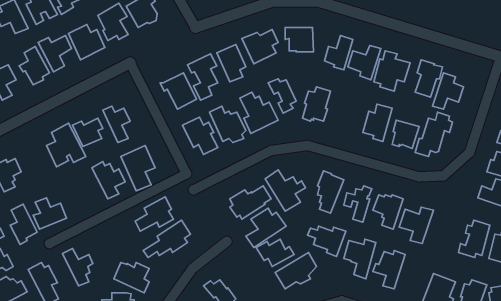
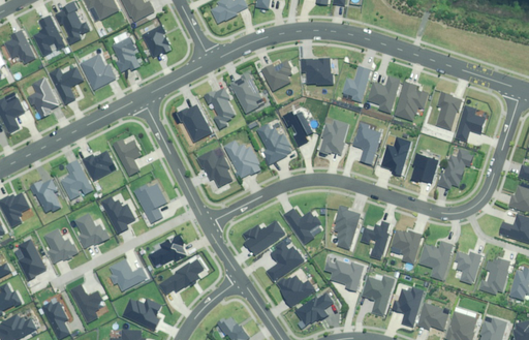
building: none -> [352,122,383,163]
building: none -> [32,176,64,211]
building: none -> [72,214,112,254]
building: none -> [455,250,483,283]
building: none -> [108,258,147,292]
building: none -> [415,303,446,331]

